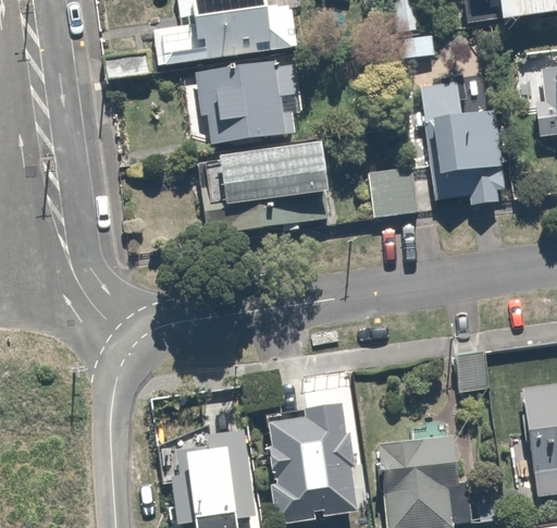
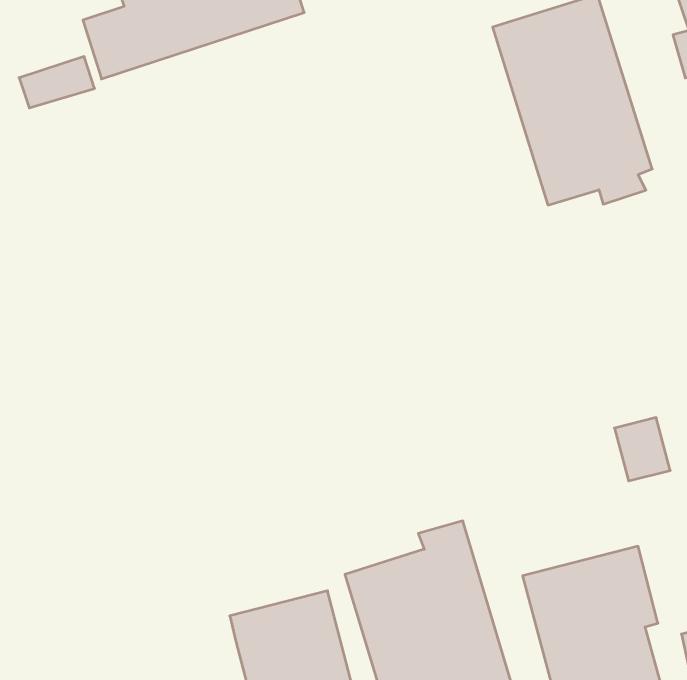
building: [196,58,304,145] -> none
building: [194,144,332,236] -> none
building: [368,165,419,218] -> none

